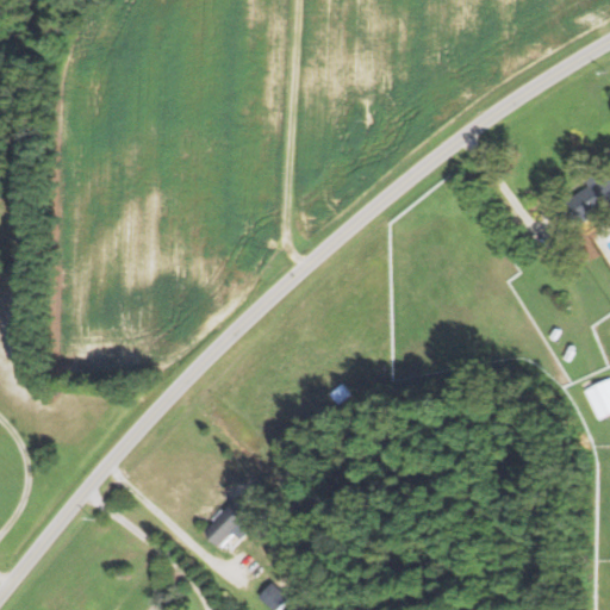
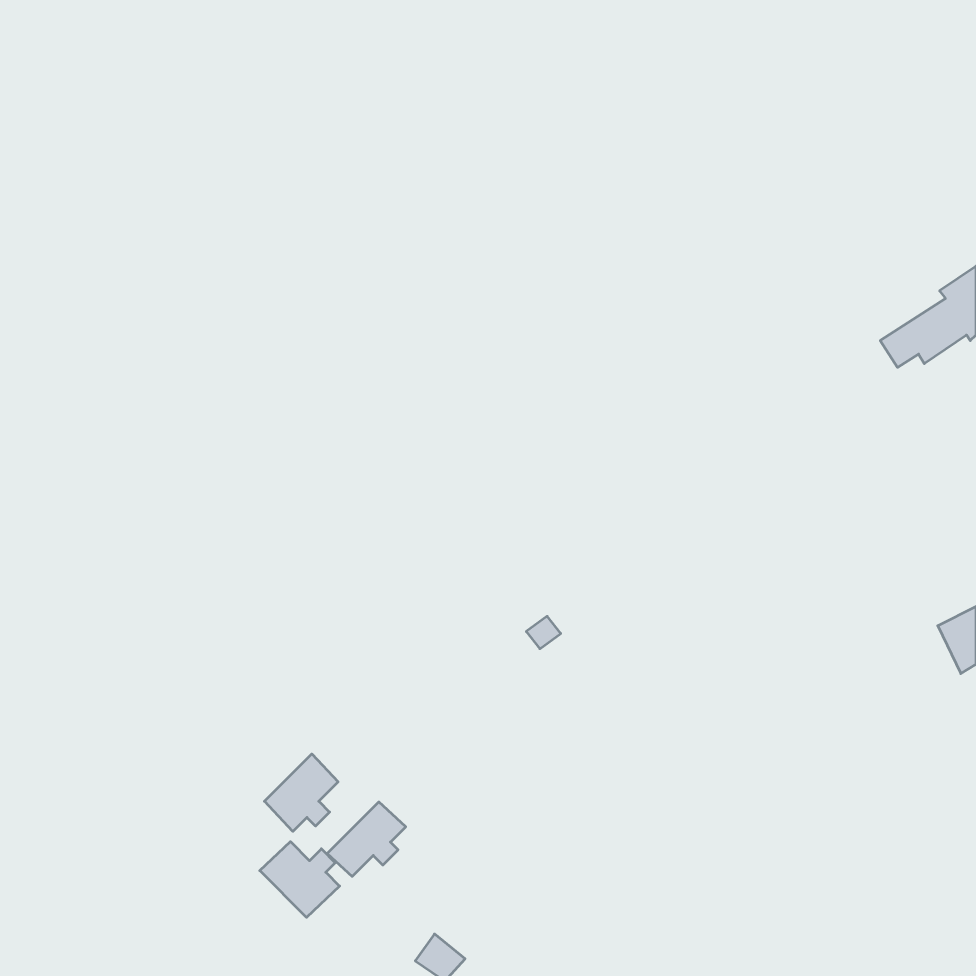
building: none -> [264,754,338,831]
building: none -> [260,842,340,917]

